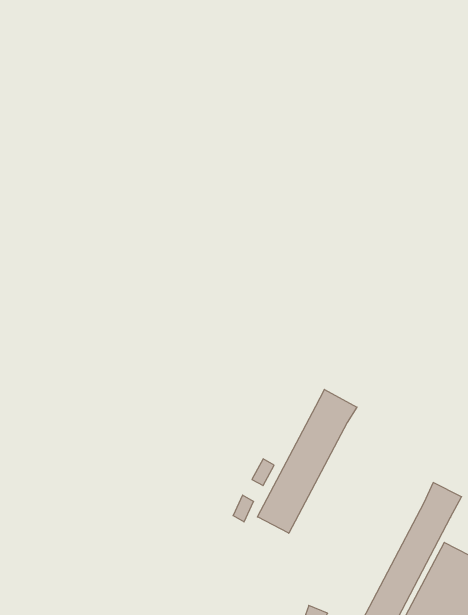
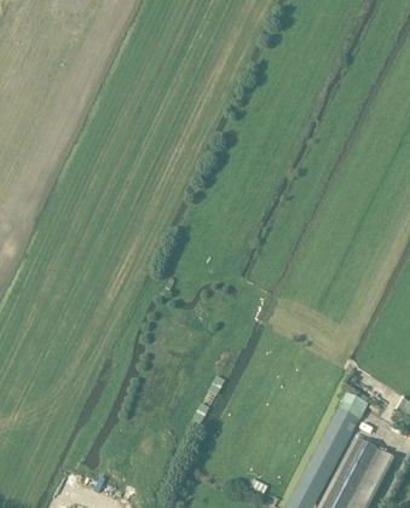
building: [257,389,357,533] -> none

